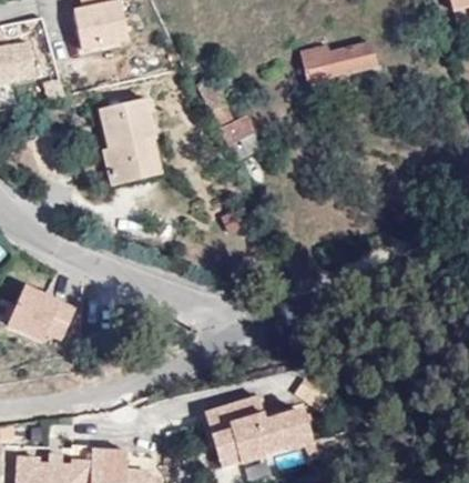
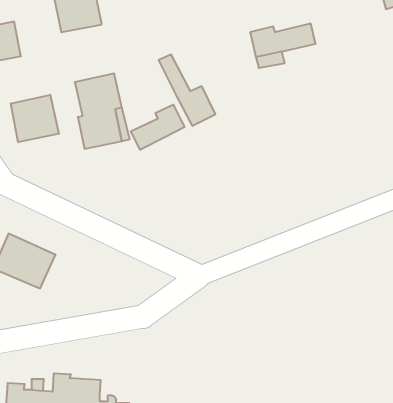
building: none -> [11,95,59,142]
building: none -> [131,105,184,150]
building: [207,395,316,461] -> none

